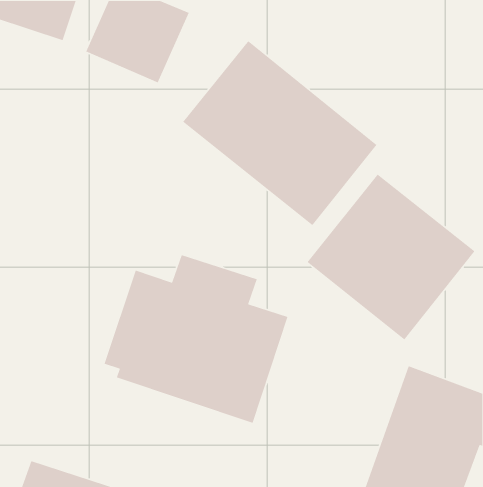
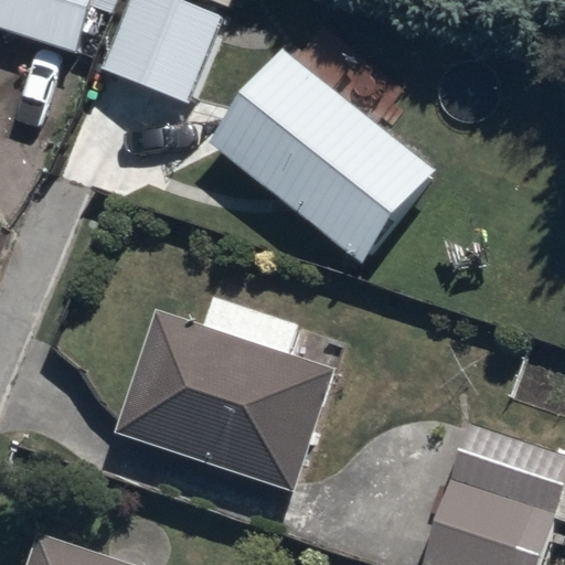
building: [307,173,476,341] -> none

